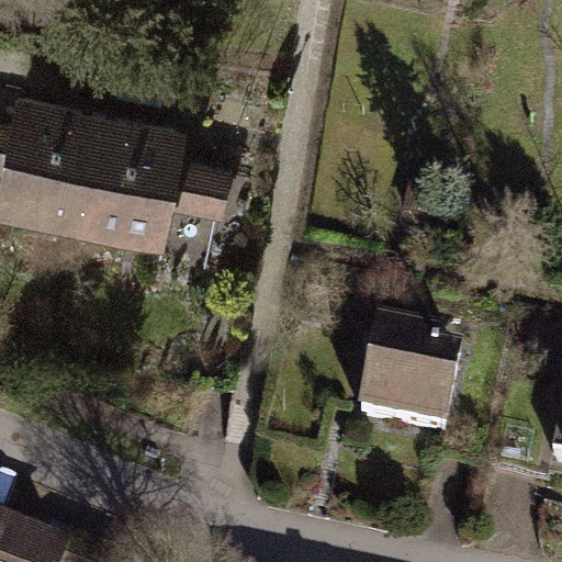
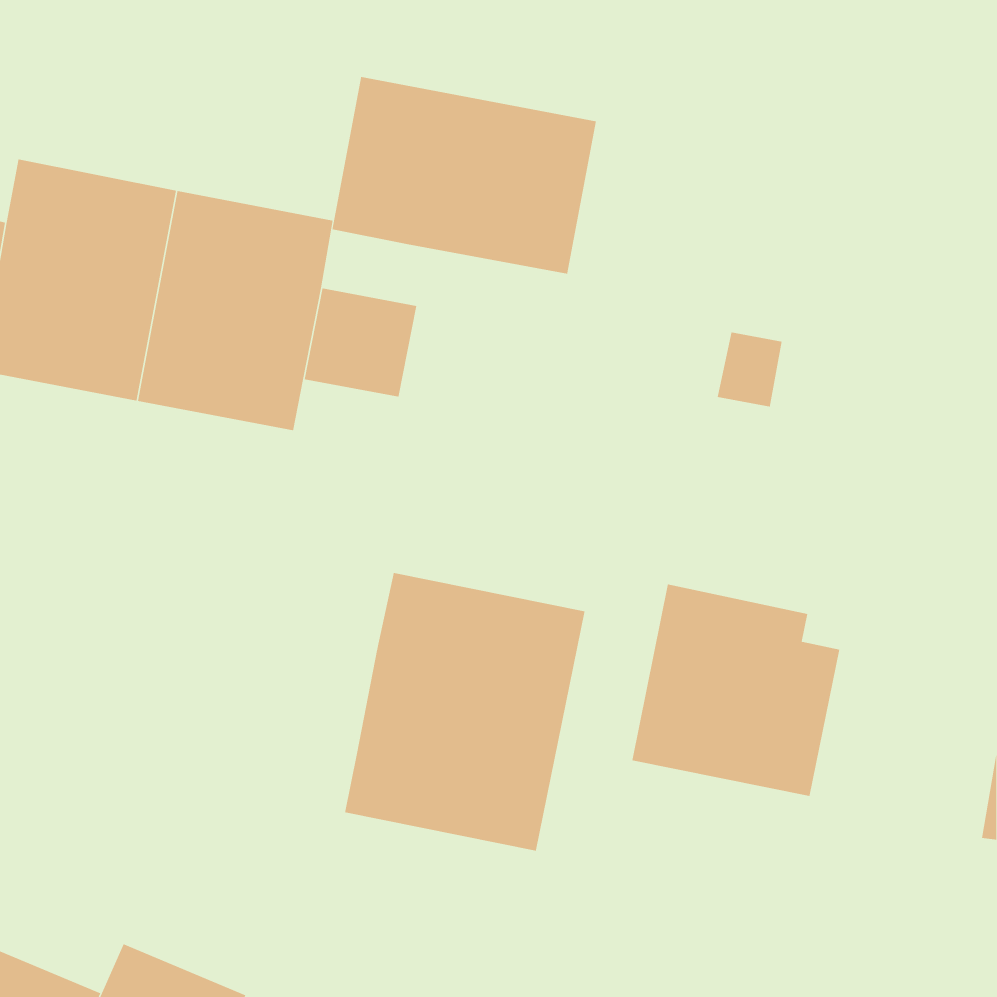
building: none -> [332,76,596,274]
building: none -> [345,572,585,851]

